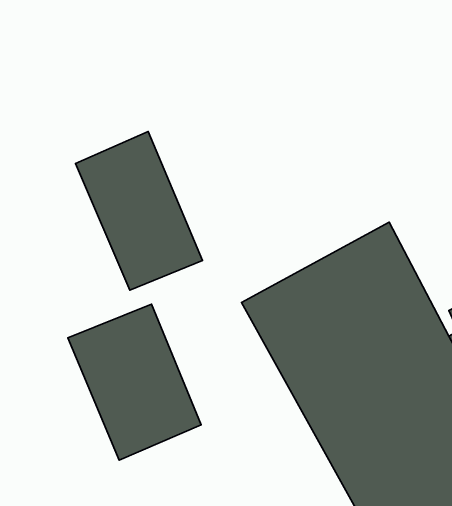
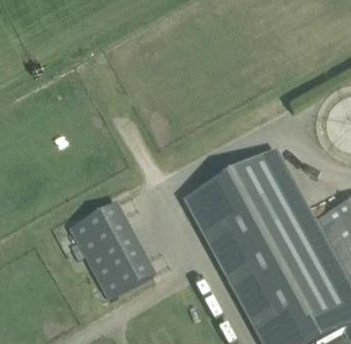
building: [76,131,203,290] -> none

